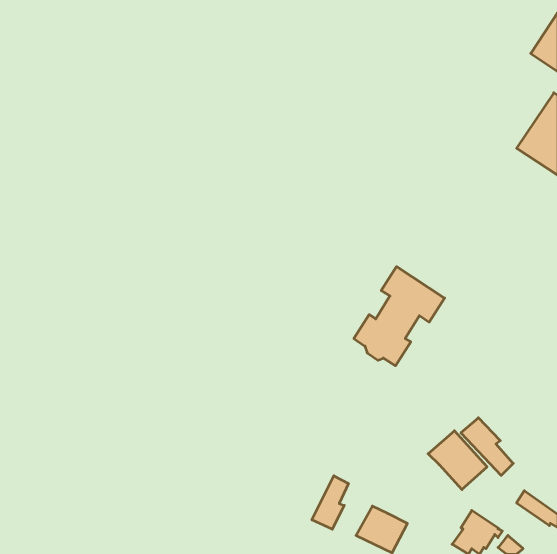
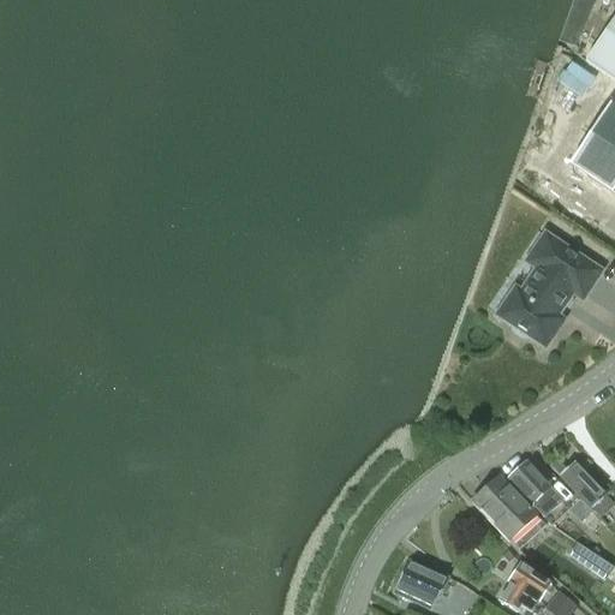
building: [354,267,445,366] -> [500,234,599,344]
building: none -> [554,459,605,506]
building: [312,476,348,529] -> none

